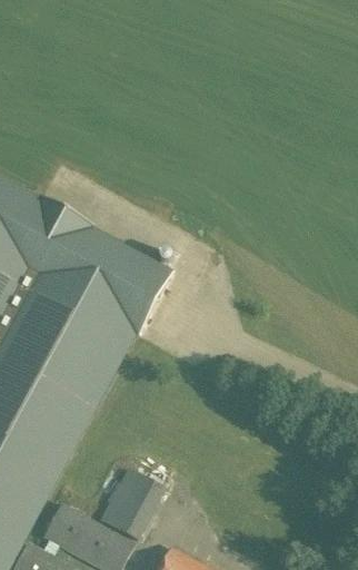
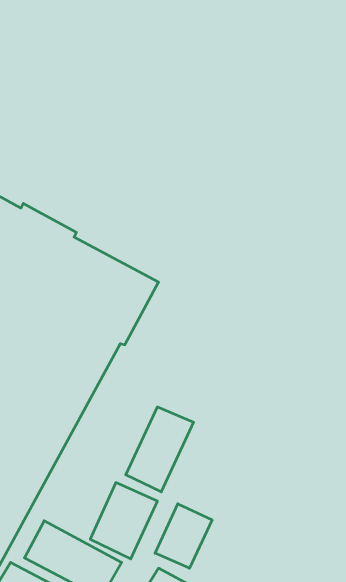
building: none -> [126,407,193,492]
building: none -> [155,504,212,568]

